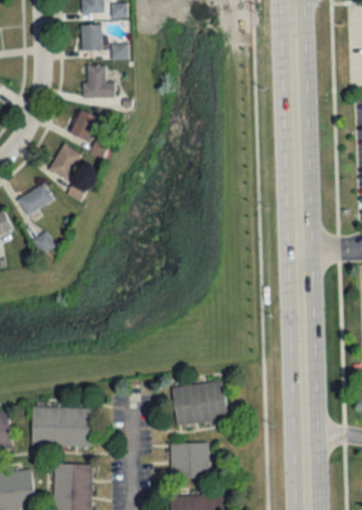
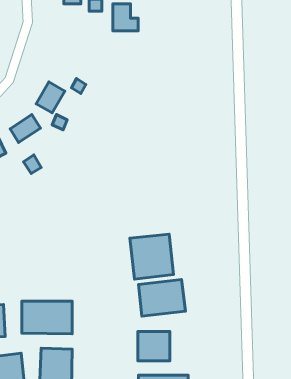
building: [84,65,115,98] -> [113,4,138,31]
building: [70,111,99,142] -> none
building: none -> [130,234,174,279]

